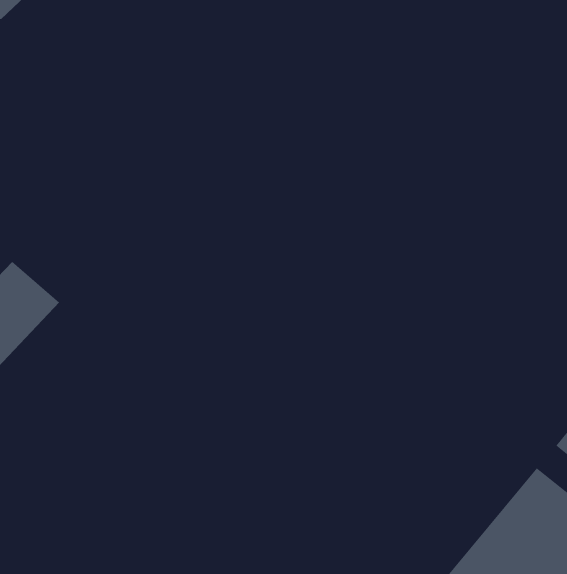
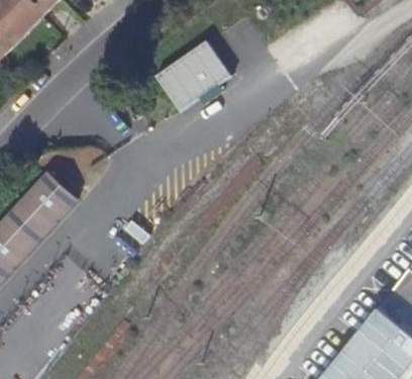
building: none -> [158,42,233,112]

